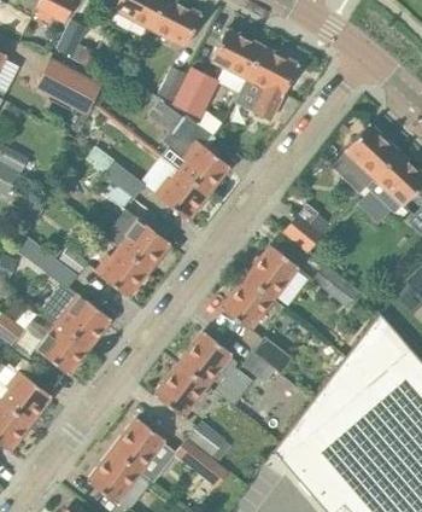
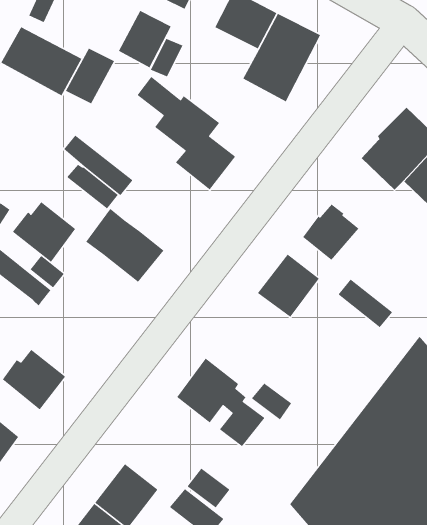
building: [174,69,218,117] -> [118,10,172,69]
building: none -> [65,48,115,105]
building: [154,170,207,220] -> none
building: [95,246,148,297] -> [12,201,76,263]
building: [222,278,274,331] -> none
building: [60,293,111,347] -> none
building: [252,336,293,373] -> none
building: [154,363,207,417] -> none

